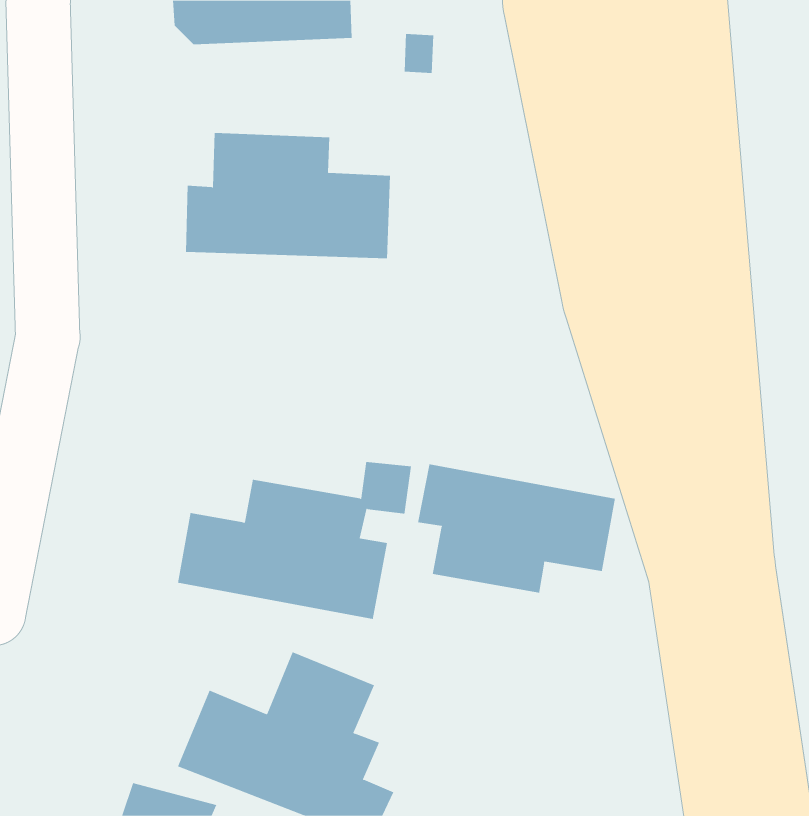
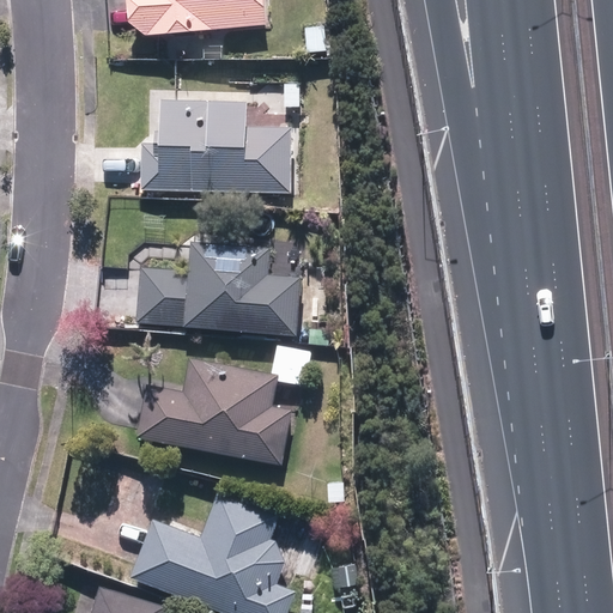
building: none -> [136,244,296,333]
building: [418,463,615,593] -> none

